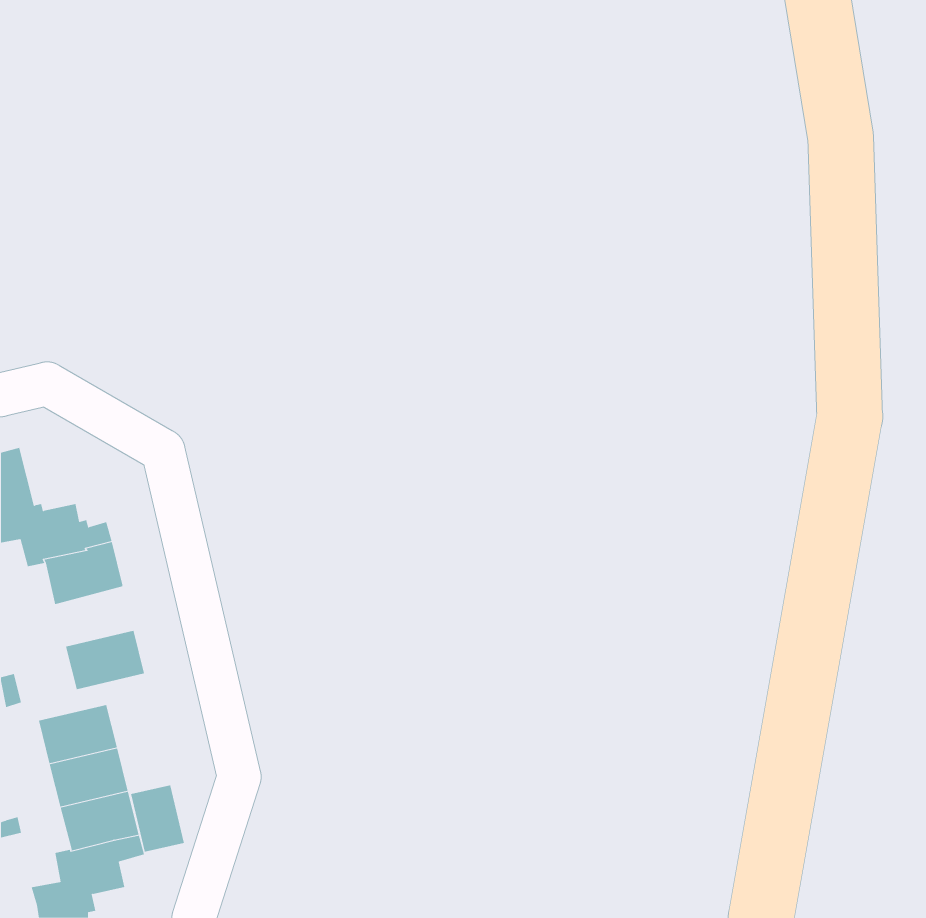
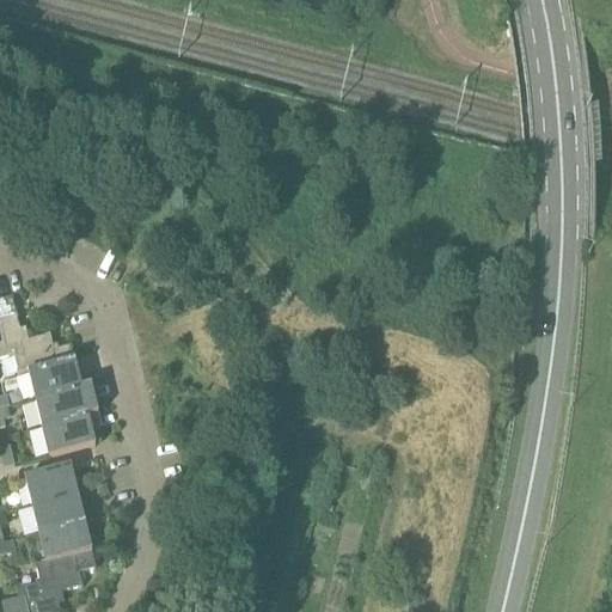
building: none -> [36,384,98,427]
building: [130,785,184,852] -> none

